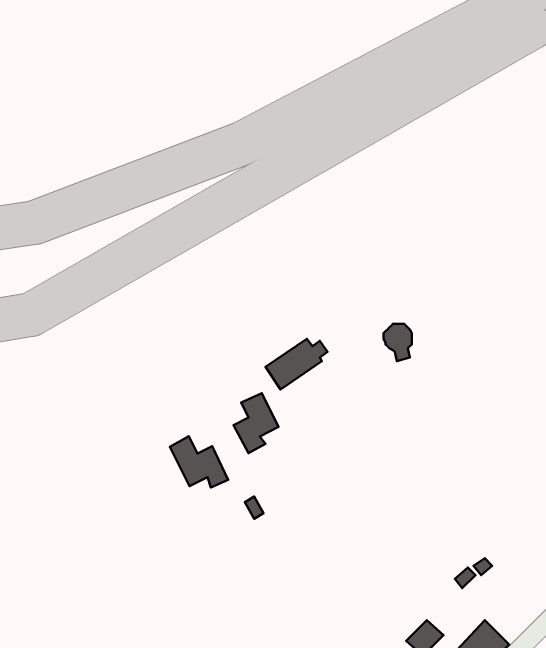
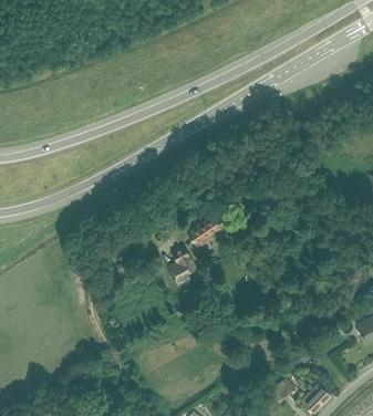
building: [170,436,228,487] -> none

